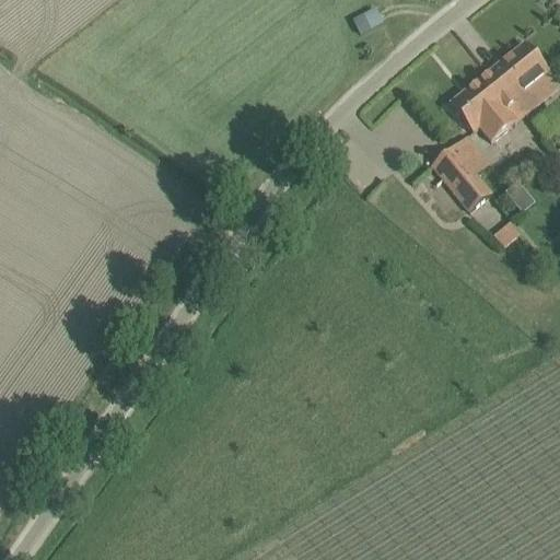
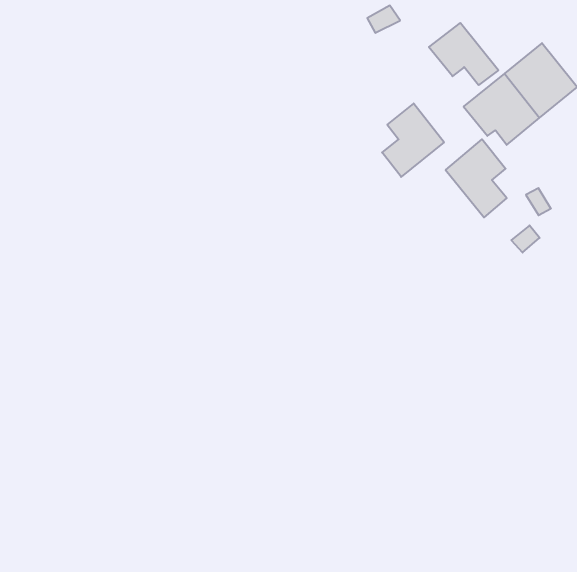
building: none -> [429,23,498,85]
building: none -> [382,103,444,177]

